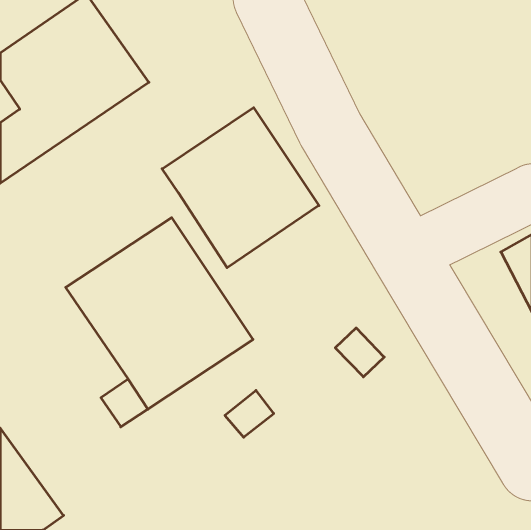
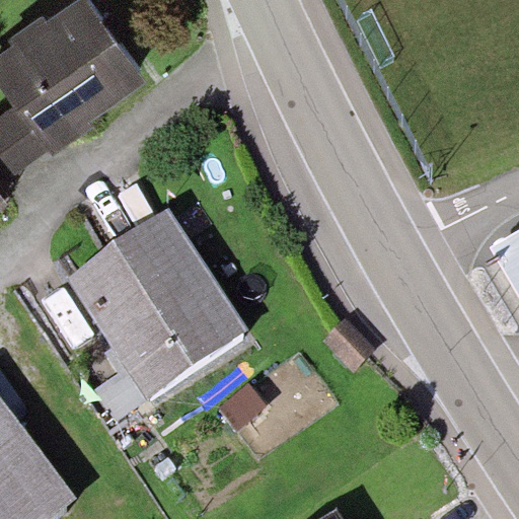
building: [162,108,319,268] -> none

